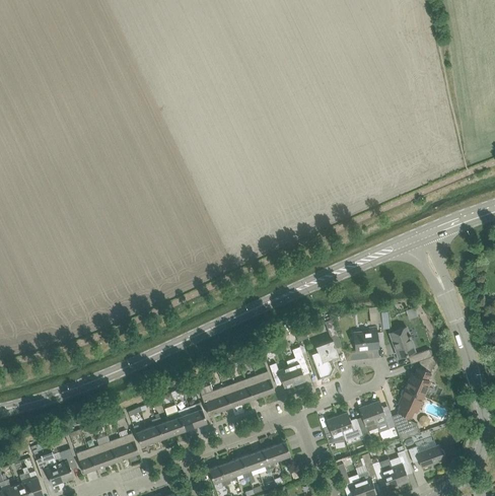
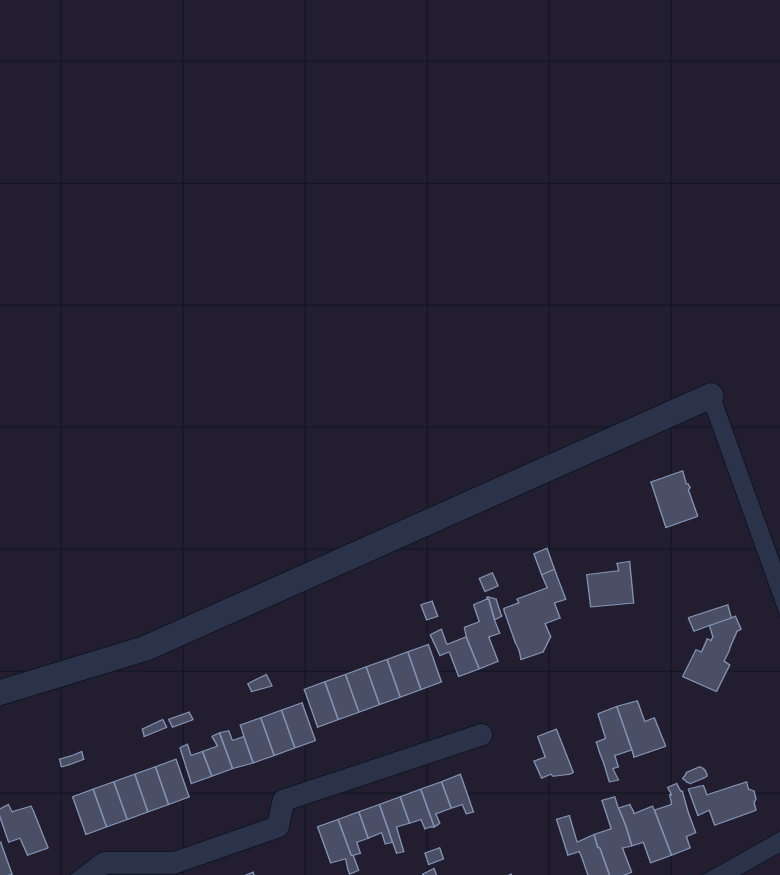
building: [390,328,415,358] -> [651,471,698,527]
building: [392,388,423,440] -> none
building: [337,413,362,440] -> none
building: [55,448,76,481] -> none

